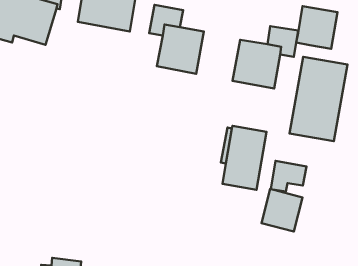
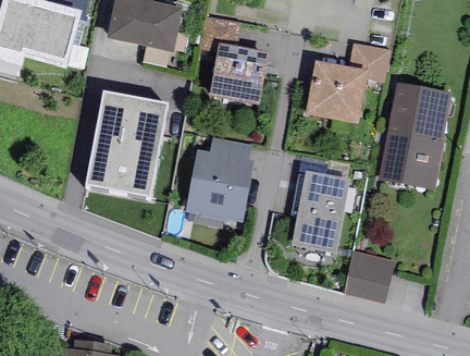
building: [296,6,338,49] -> none
building: none -> [78,82,173,202]
building: none -> [185,138,252,221]
building: [271,161,306,191] -> none

